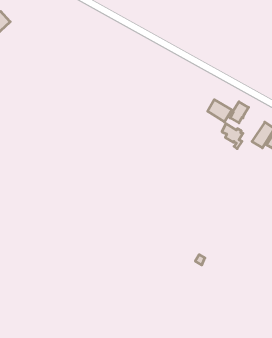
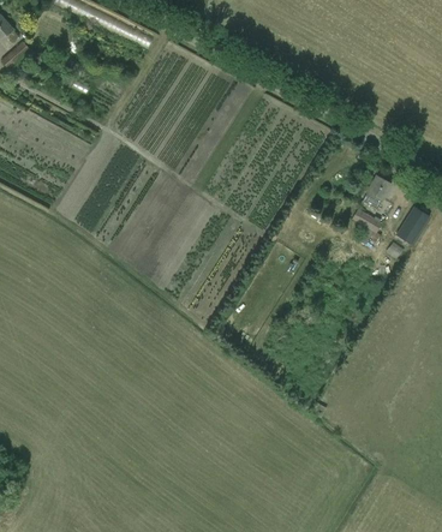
building: [208,100,232,122] -> none

